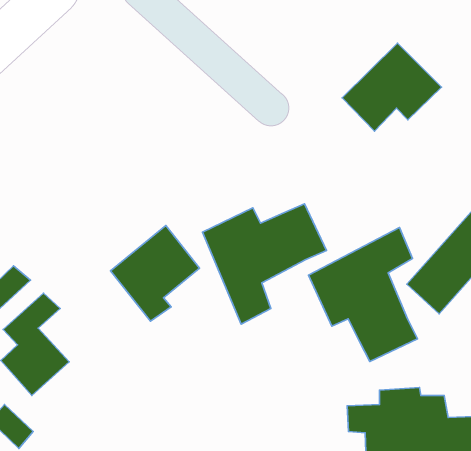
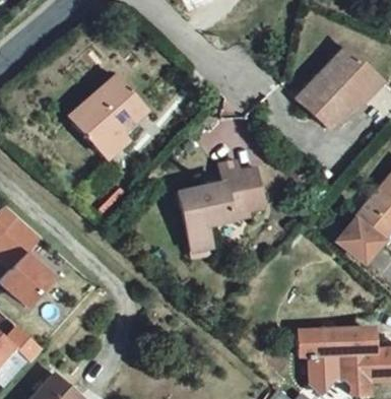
building: [110,225,200,321] -> [85,79,155,154]
building: [309,228,418,362] -> none

